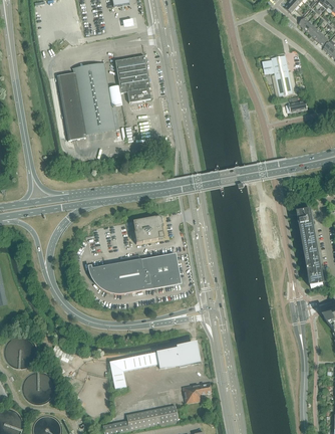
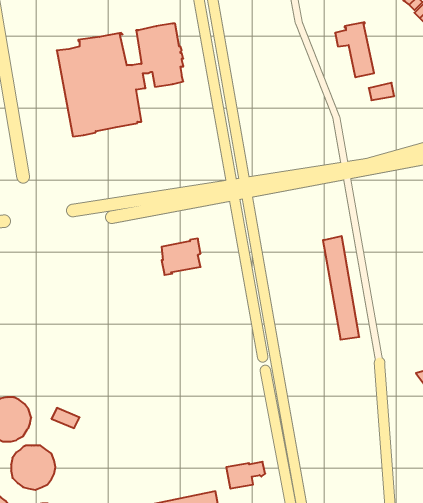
building: [298,210,325,287] -> [323,236,359,340]
building: [88,254,180,293] -> none
building: [109,345,199,388] -> none

